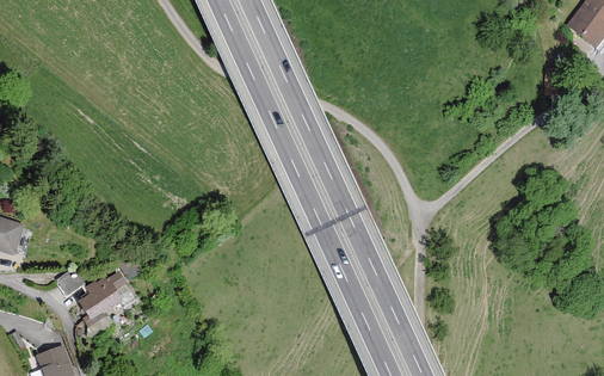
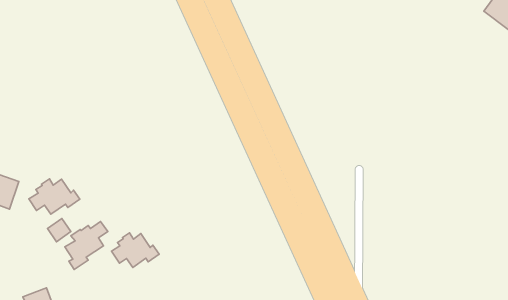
building: none -> [29,179,80,214]
building: none -> [112,233,159,267]

